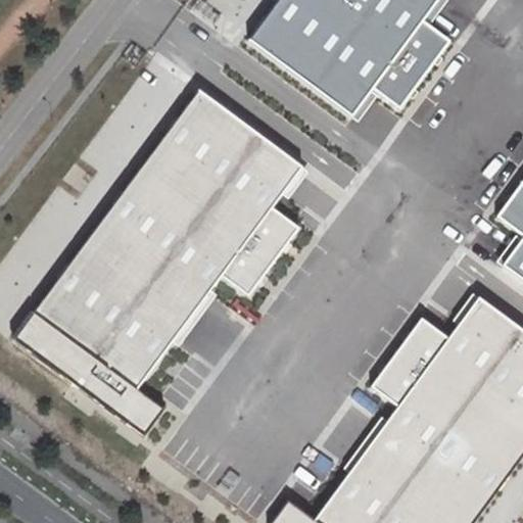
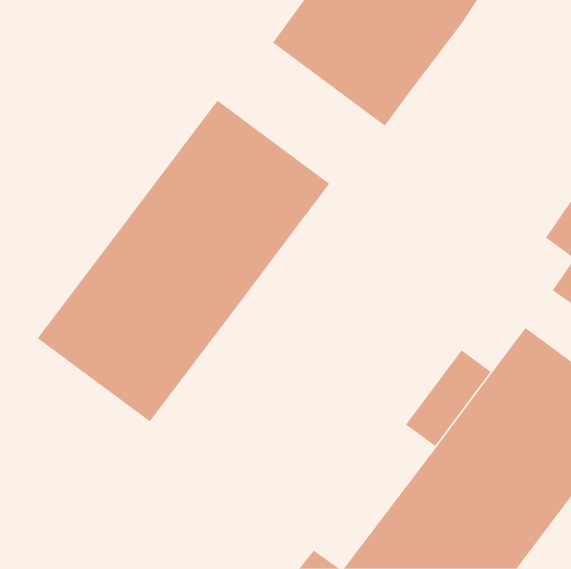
building: [373,21,449,108] -> none
building: [221,205,301,296] -> none
building: [15,308,165,432] -> none

